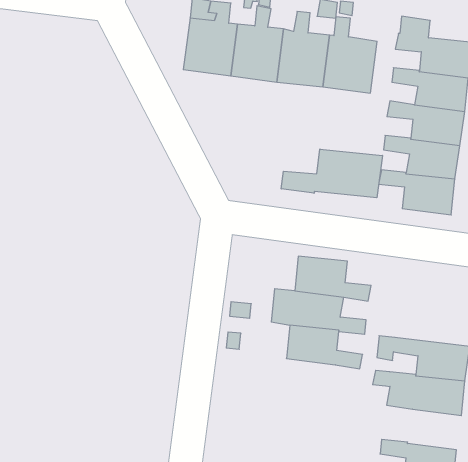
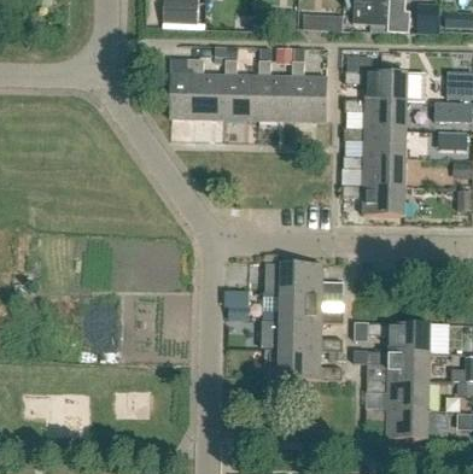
building: [281,149,382,198] -> none
building: none -> [278,349,340,379]
building: none -> [366,379,428,410]

